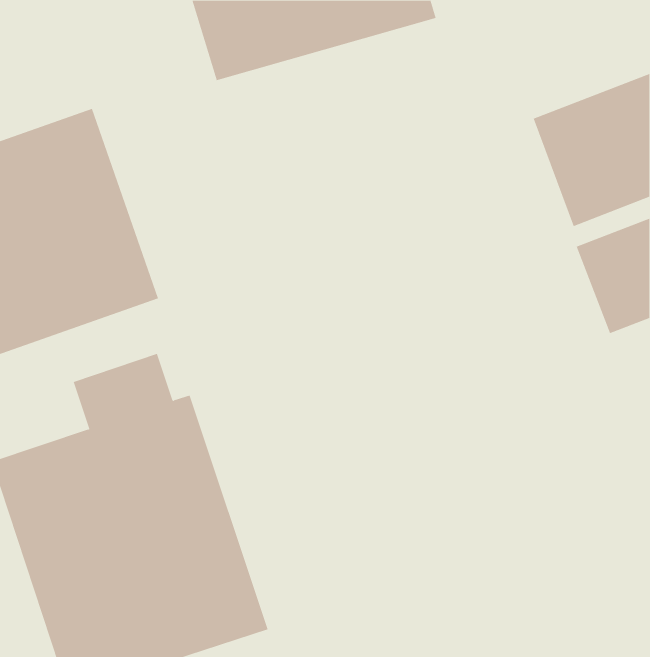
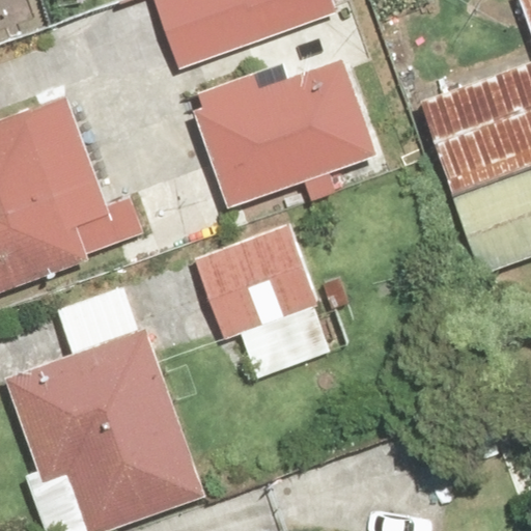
building: none -> [190,57,375,204]
building: none -> [186,225,323,383]

